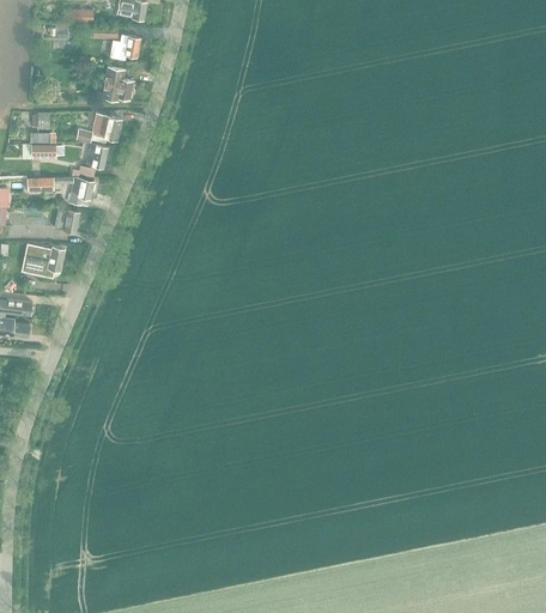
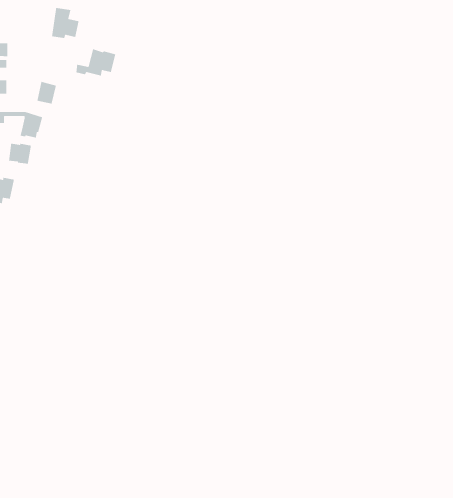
building: [78,113,121,142] -> [75,48,116,76]

